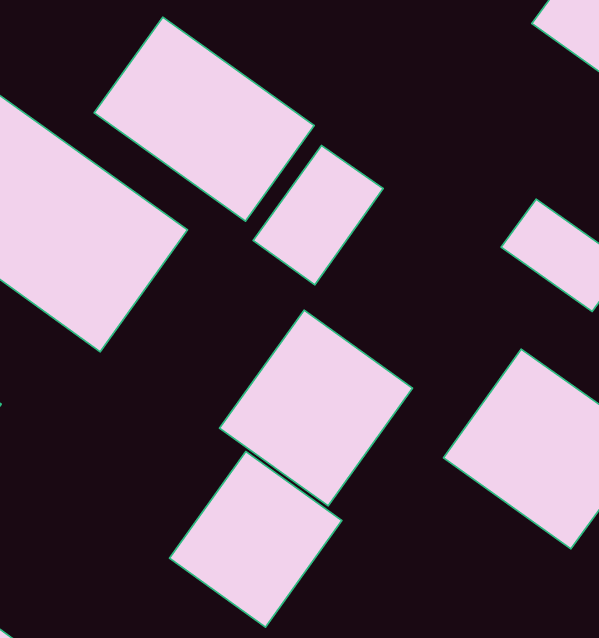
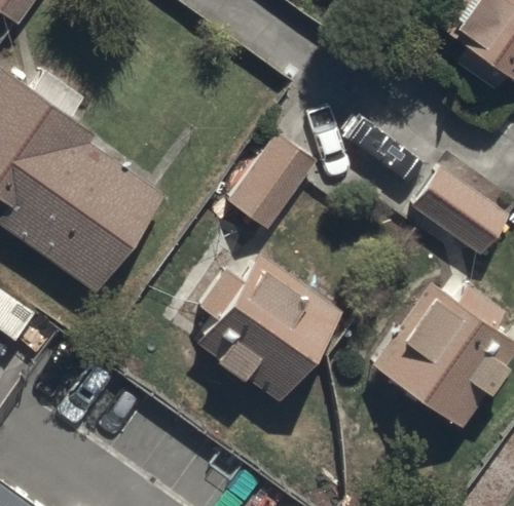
building: [94,17,314,221] -> none
building: [169,452,342,627] -> none

